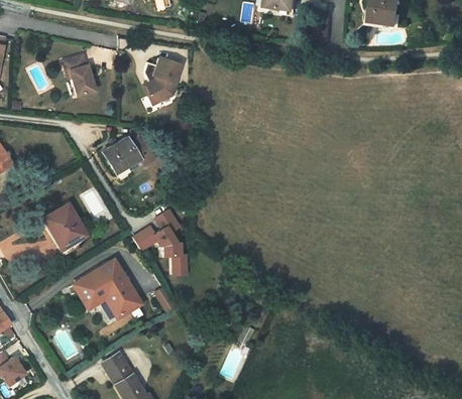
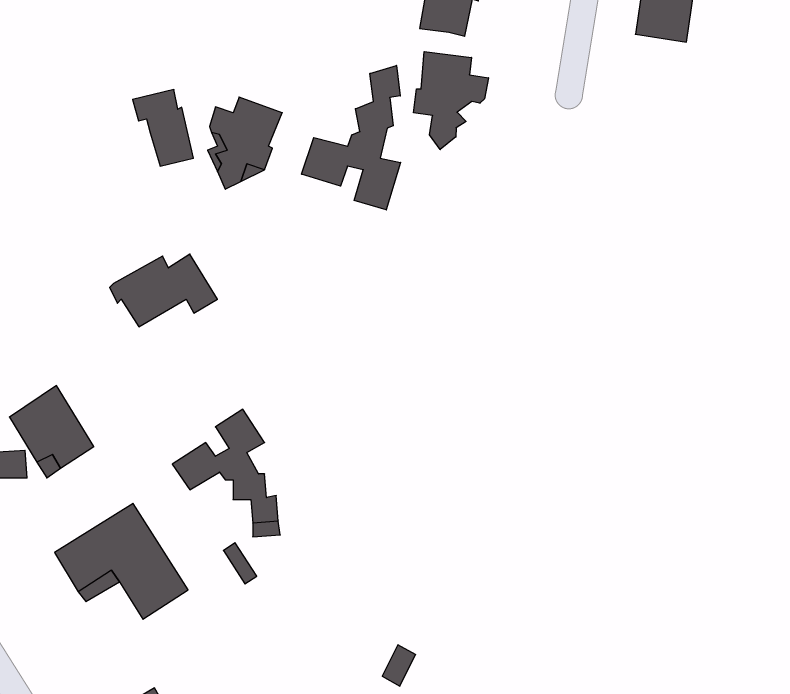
building: none -> [414,52,488,150]
building: none -> [302,65,401,210]
building: [65,49,96,89] -> [133,90,193,166]

